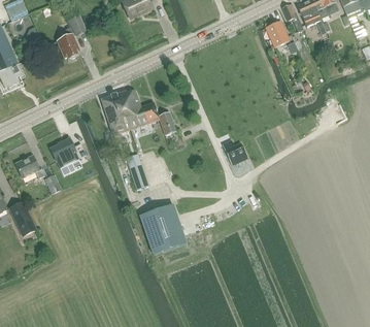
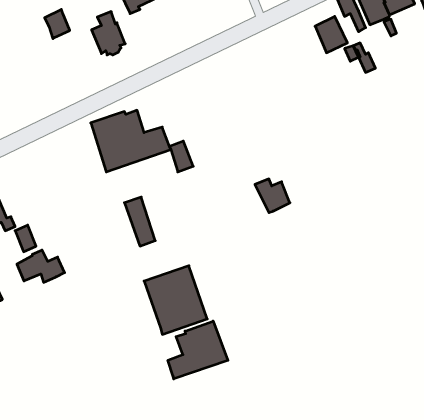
building: [56,27,80,59] -> [92,12,125,55]
building: [51,137,86,161] -> [17,250,65,282]
building: none -> [168,321,228,379]

